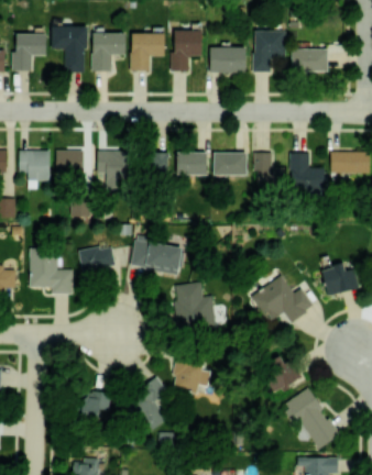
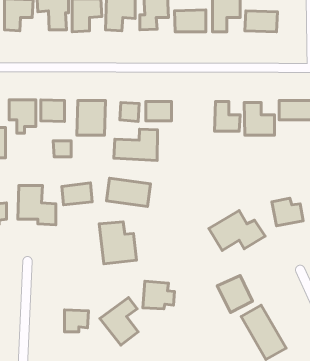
building: [214,152,248,175] -> none
building: none -> [114,129,158,160]
building: [174,281,217,330] -> [99,222,136,264]

